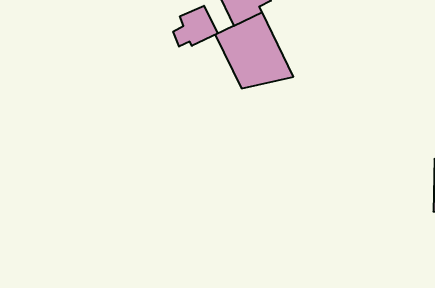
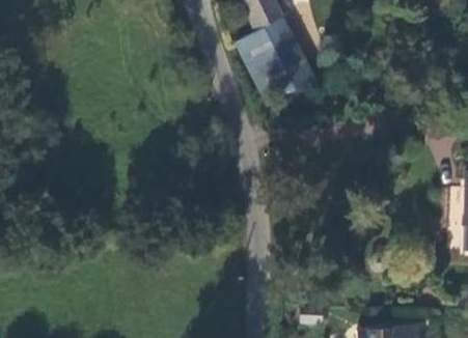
building: [173,6,218,47] -> none

